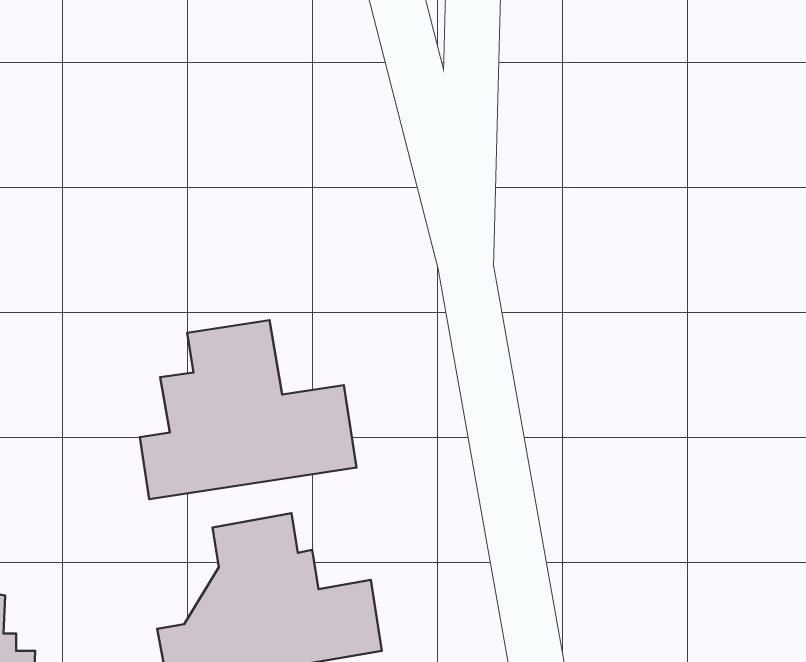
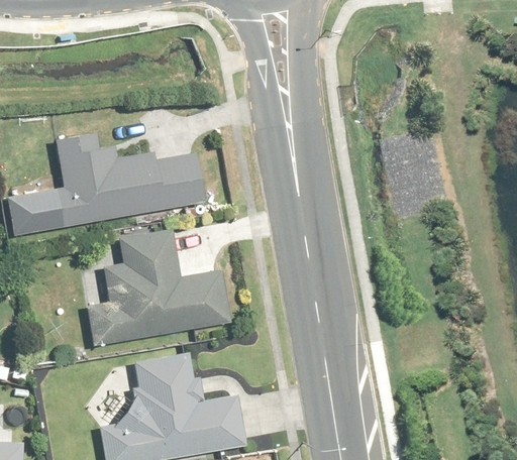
building: none -> [9,132,203,235]

